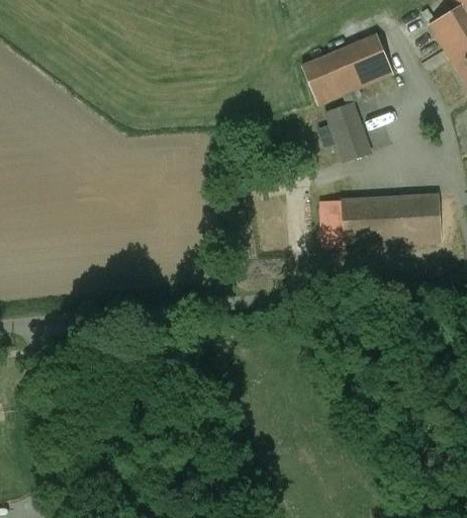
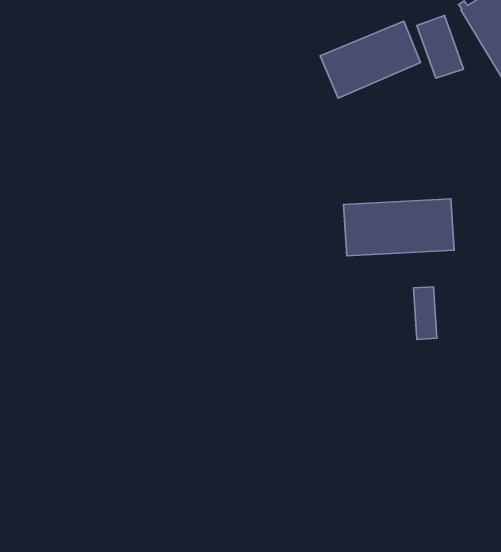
building: [325,102,368,159] -> [417,15,464,78]
building: [418,193,440,241] -> [413,287,437,339]

